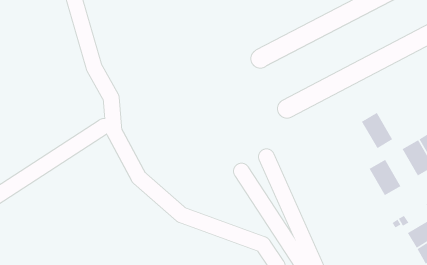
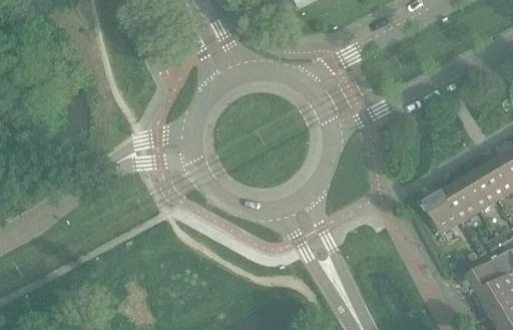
building: [361,112,393,149] -> [443,179,479,221]

